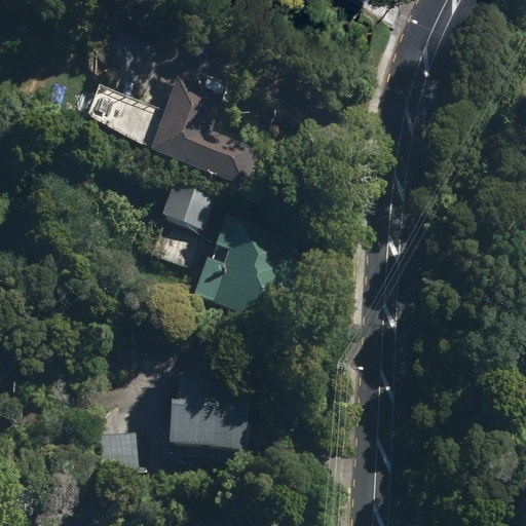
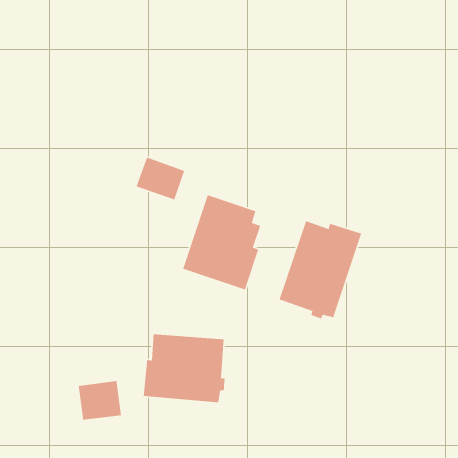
building: [85,74,249,181] -> none
building: none -> [278,220,362,320]

